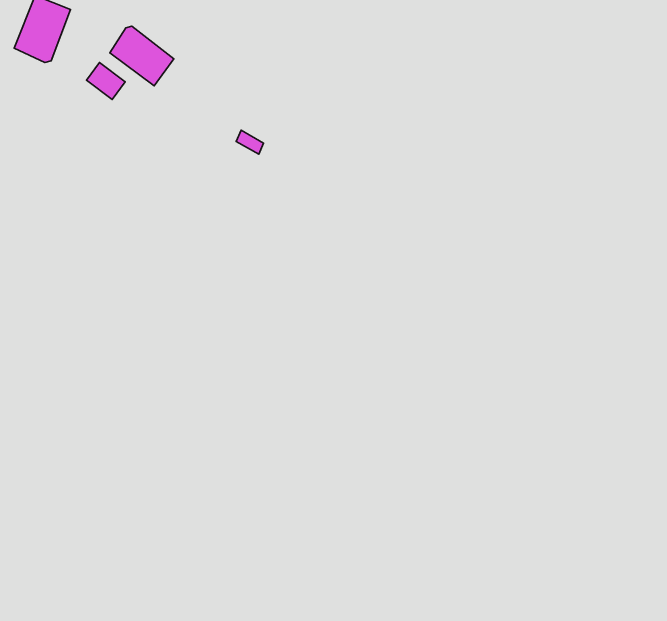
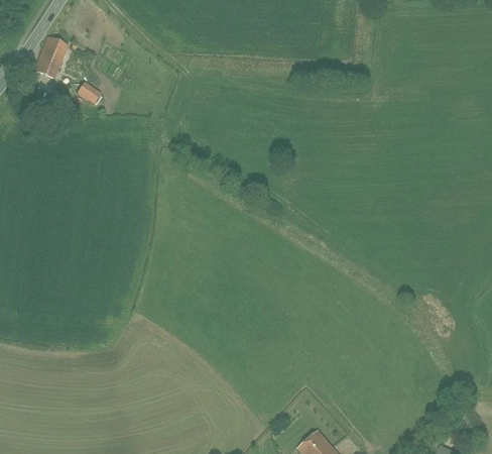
building: [110,26,174,86] -> none

